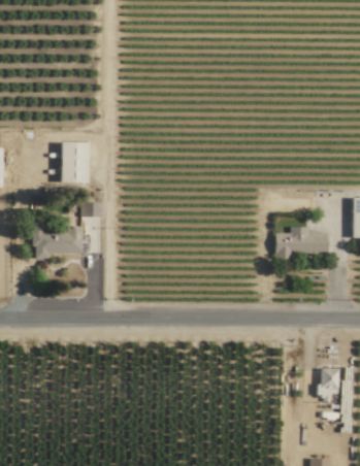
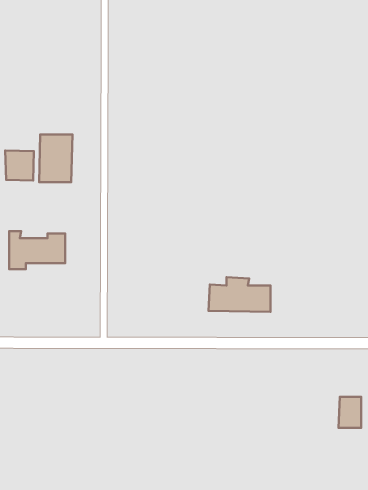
building: none -> [5,151,34,181]
building: [274,226,328,256] -> [209,277,271,312]

